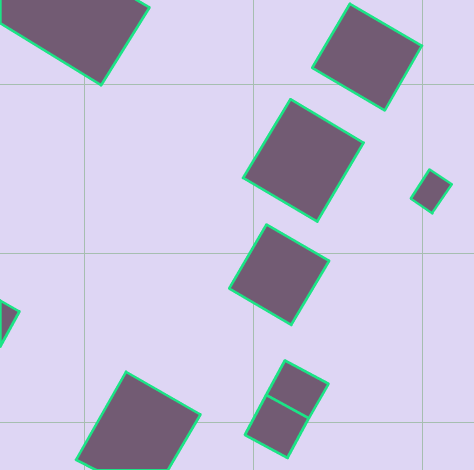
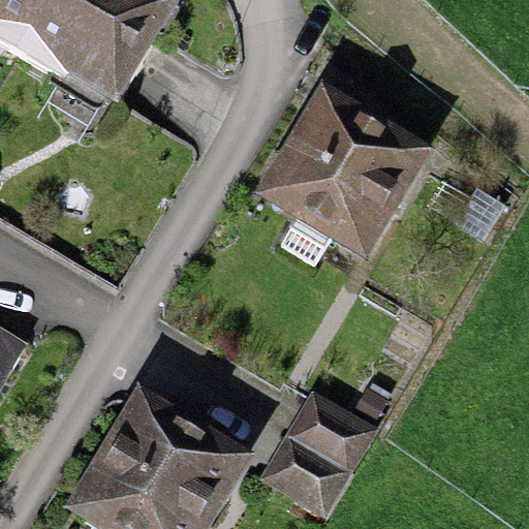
building: [312,4,422,110] -> none
building: [229,225,329,325] -> none

